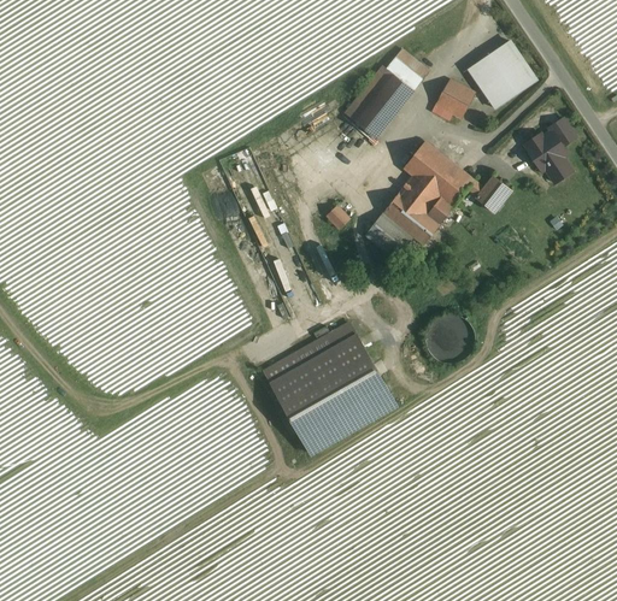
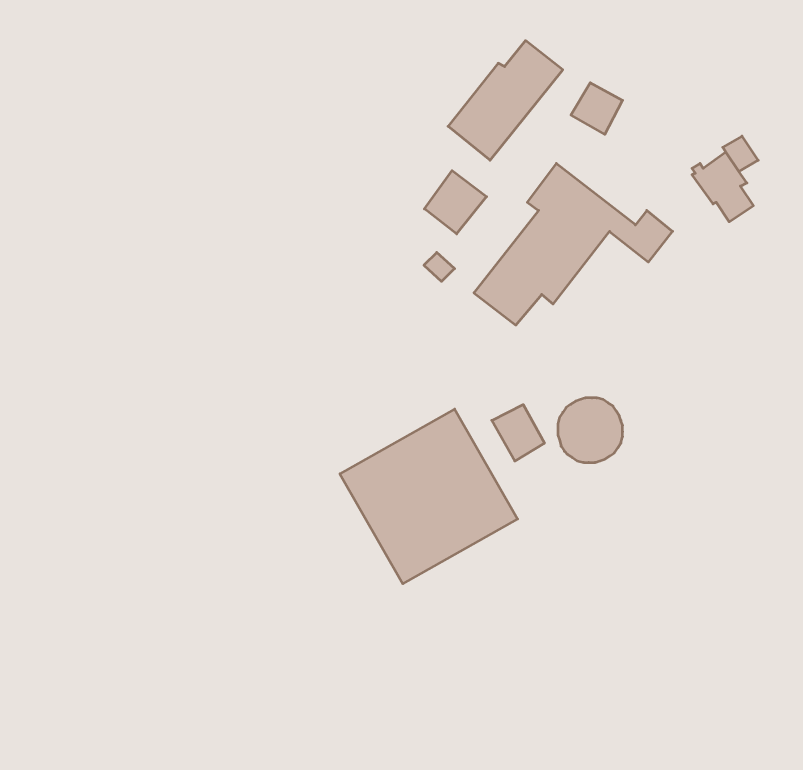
building: [468,42,536,110] -> none
building: none -> [424,171,487,234]
building: none -> [492,405,544,461]

